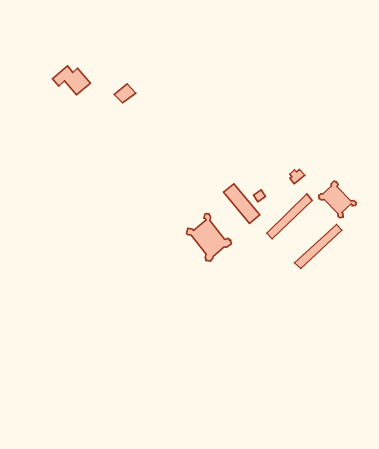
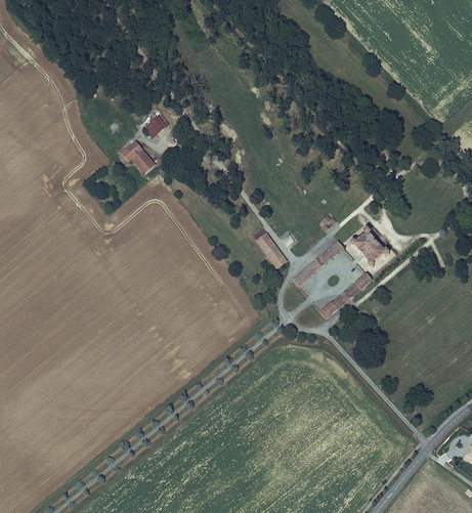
building: [53,66,90,95] -> [120,140,159,171]
building: [187,214,231,261] -> none

